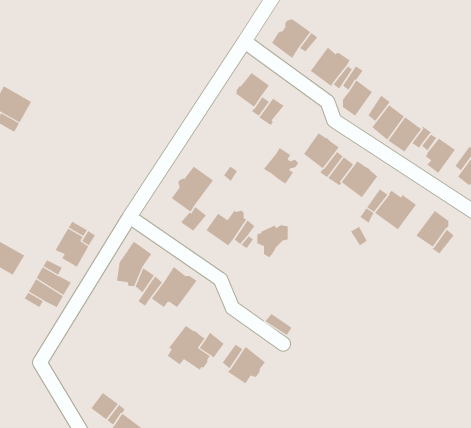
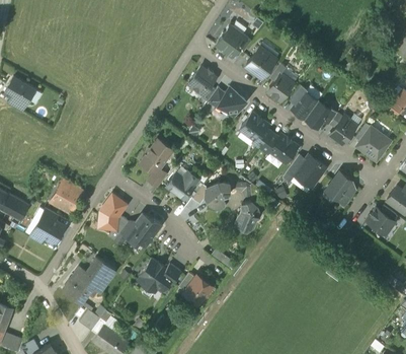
building: [263,147,299,185] -> [217,87,244,116]
building: none -> [234,202,258,230]
building: none -> [65,258,114,302]

